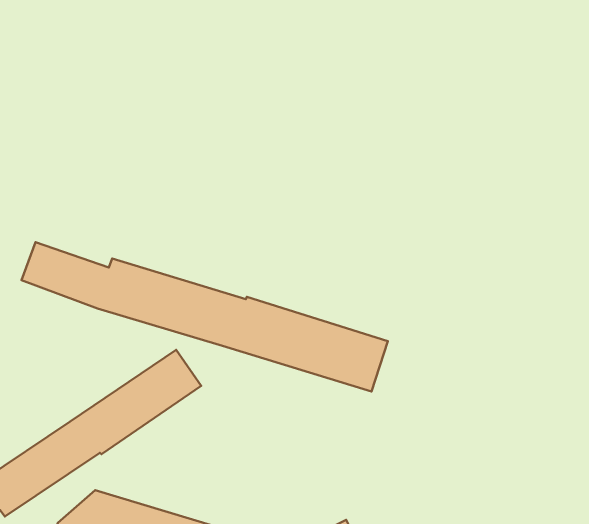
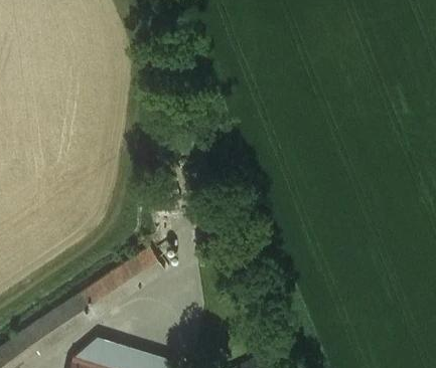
building: [21,242,388,392] -> none

